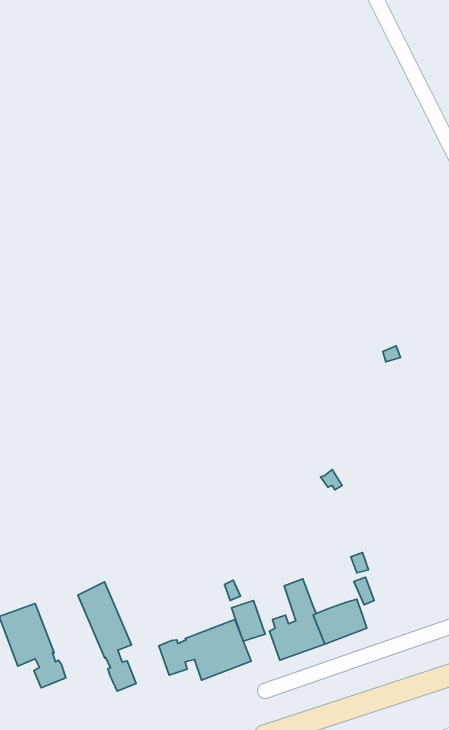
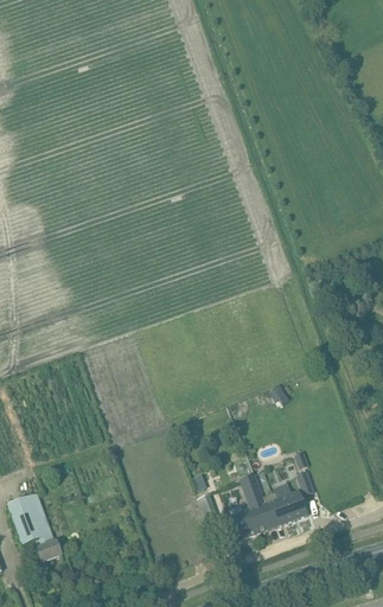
building: [78,582,136,691] -> none
building: [159,620,251,680] -> none

